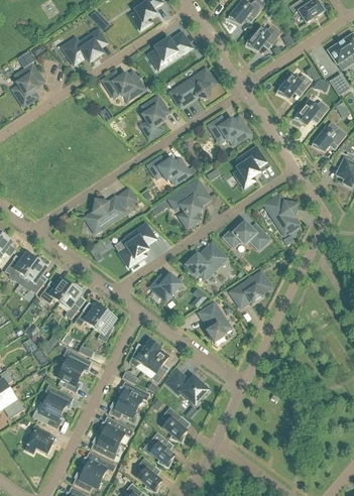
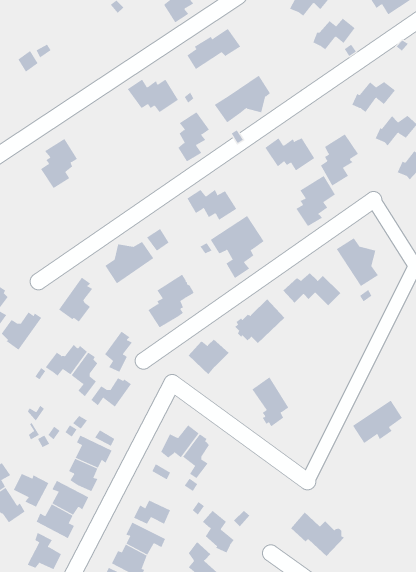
building: [64,27,107,61] -> none
building: [13,65,42,104] -> [40,138,78,189]
building: none -> [320,134,359,187]
building: [19,257,46,292] -> [58,277,93,322]
building: [231,271,270,305] -> [352,400,403,444]
building: [94,308,116,341] -> [104,331,133,372]
building: [166,369,209,404] -> [290,511,345,557]
building: none -> [13,473,49,508]
building: [119,380,149,406] -> none

